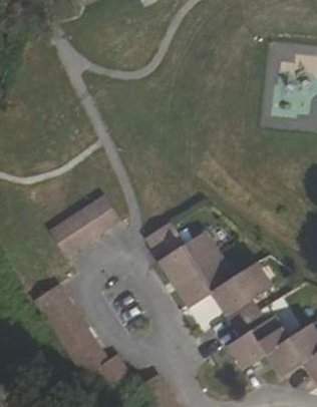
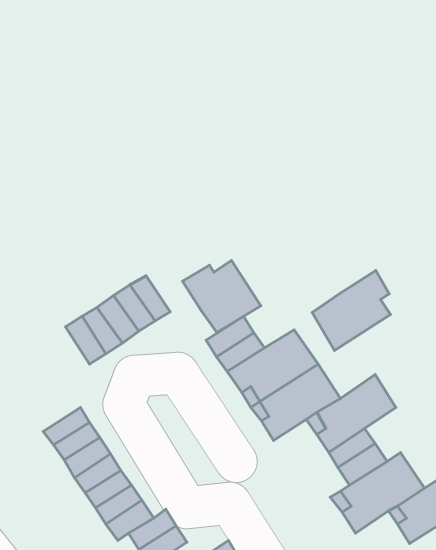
building: none -> [182,260,261,333]
building: none -> [312,271,391,351]

